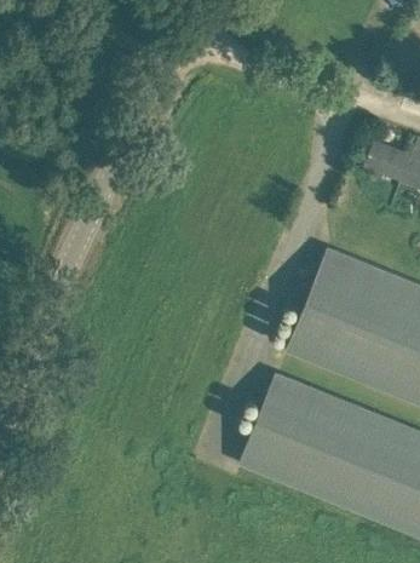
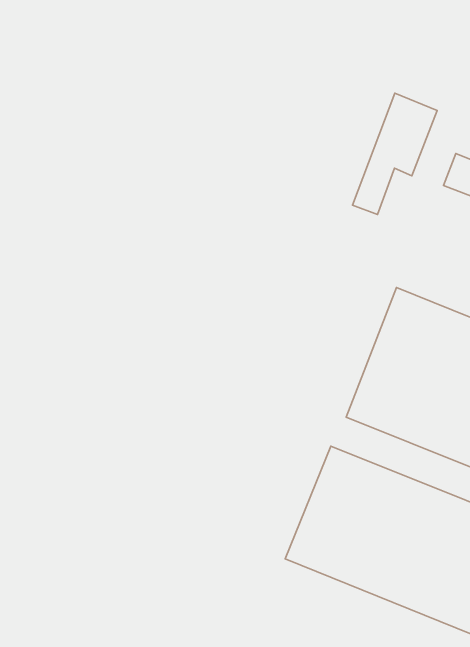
building: none -> [352,93,437,215]

